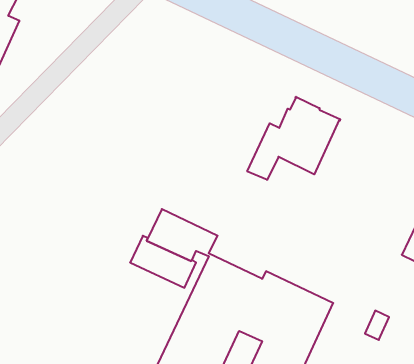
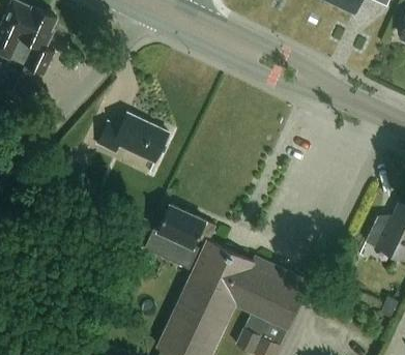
building: [247,97,340,180] -> none
building: none -> [97,114,169,161]

